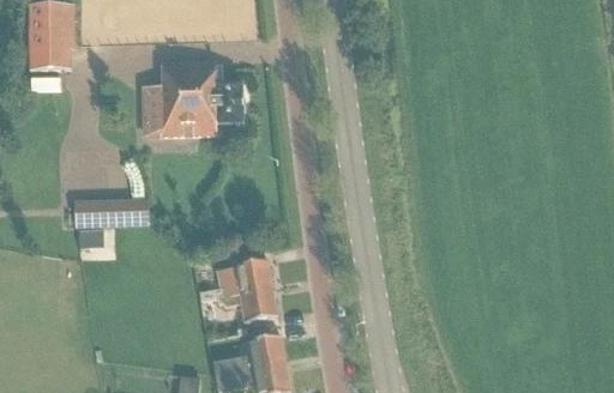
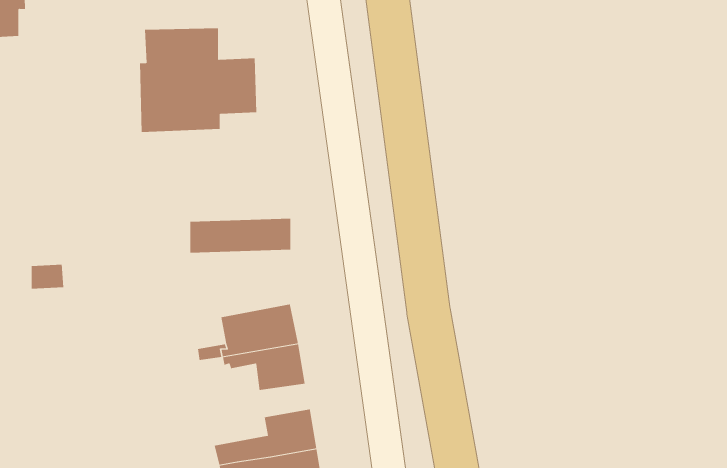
building: [74,200,148,225] -> [190,218,291,253]

